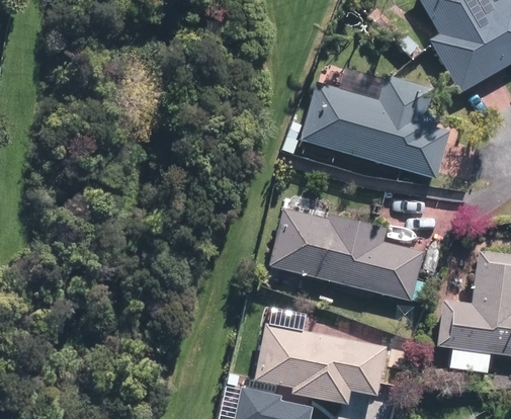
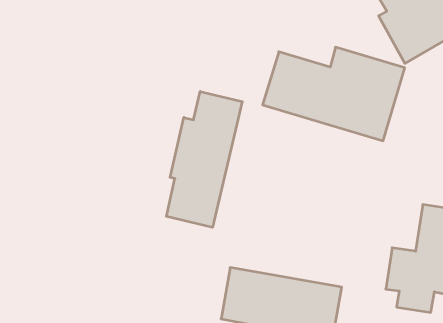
building: none -> [166,91,242,227]
building: [267,204,433,308] -> none

